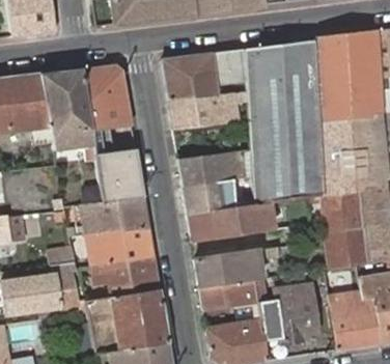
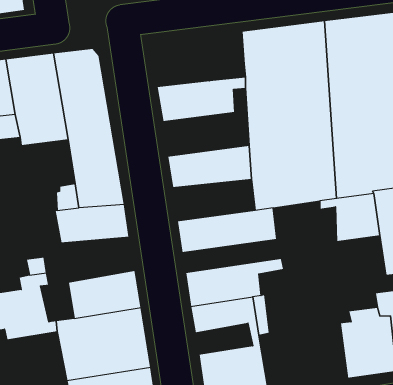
building: [165,49,247,96] -> none
building: [185,176,256,213] -> none
building: [325,225,369,267] -> none
building: [88,226,152,265] -> none
building: [275,287,317,341] -> none

